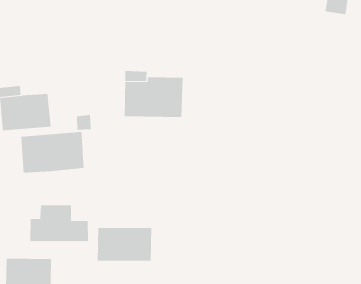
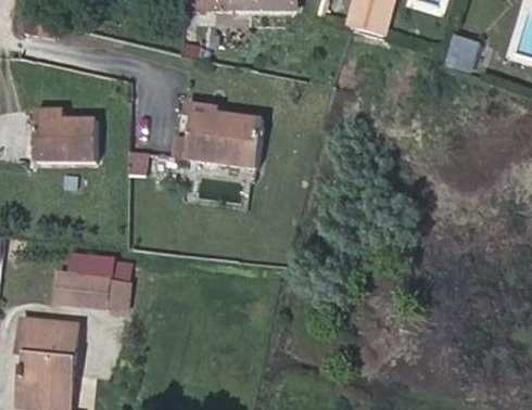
building: [21,131,84,174] -> none
building: [97,227,152,262] -> none

